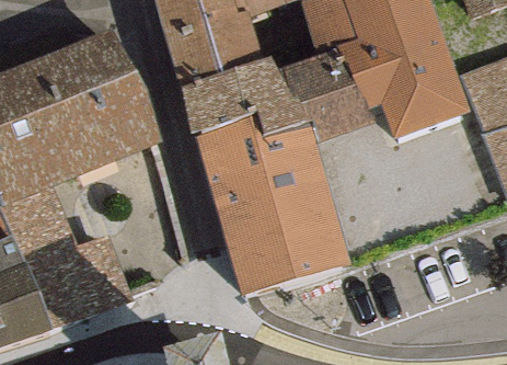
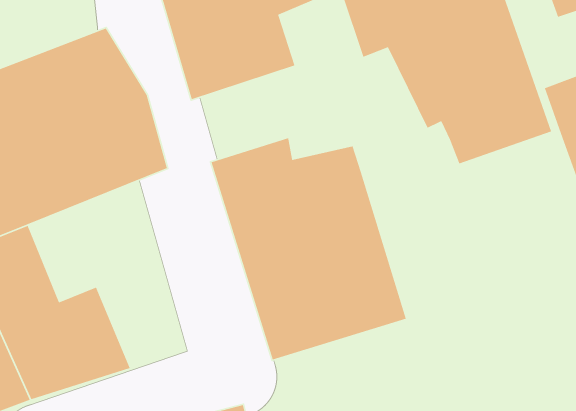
building: [180,45,385,144] -> none

